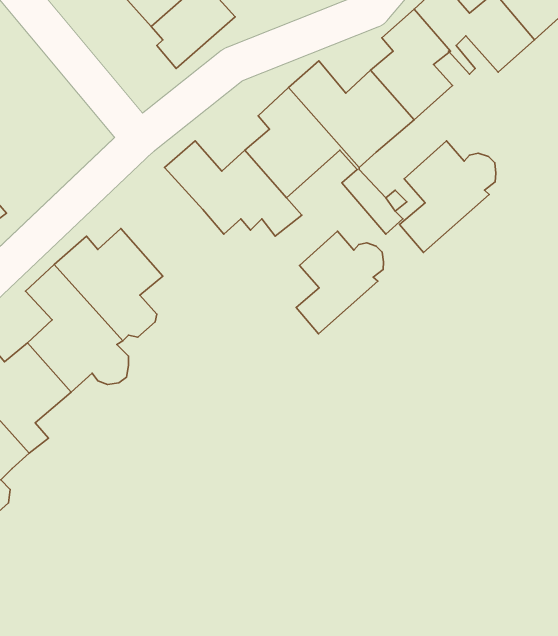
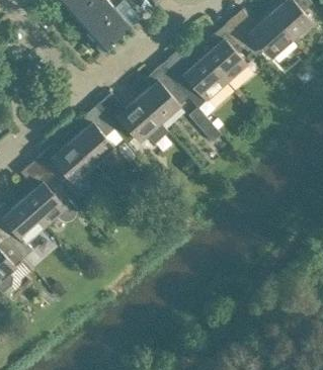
building: [399,141,496,253] -> none
building: none -> [72,107,115,165]
building: [296,231,383,334] -> none

